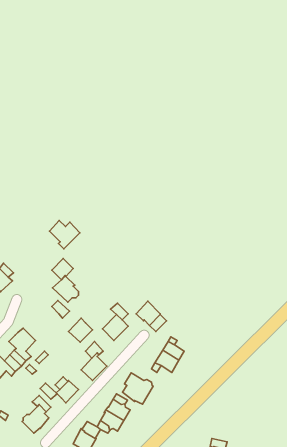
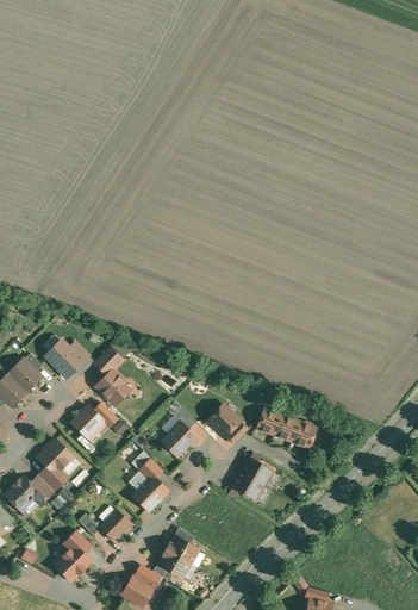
building: [50,220,80,249] -> [48,340,88,378]
building: none -> [255,407,317,449]
building: [69,318,93,342] -> [71,405,104,437]
building: [123,373,153,404] -> none

